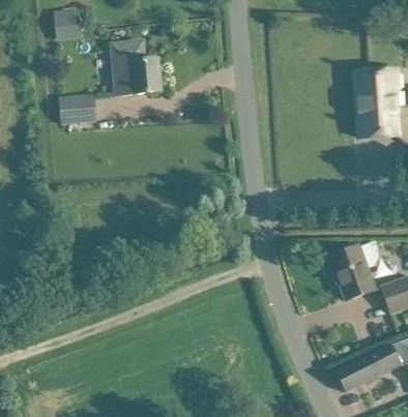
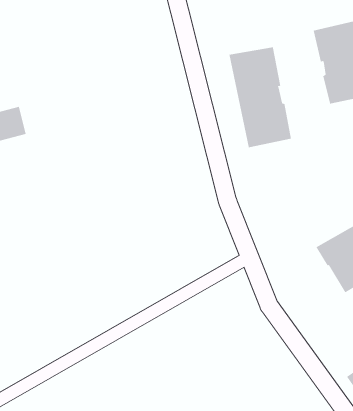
building: [112,39,162,94] -> none
building: none -> [229,46,292,148]

